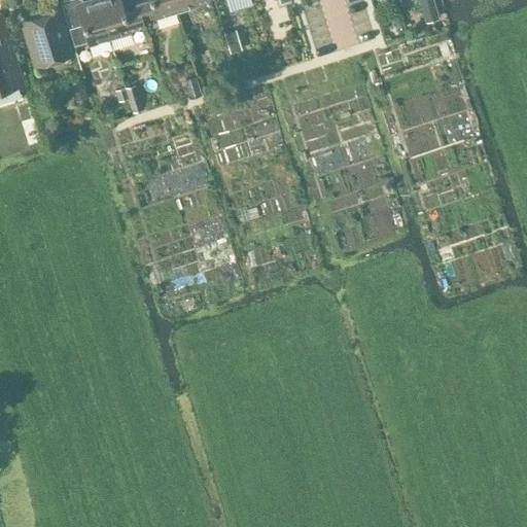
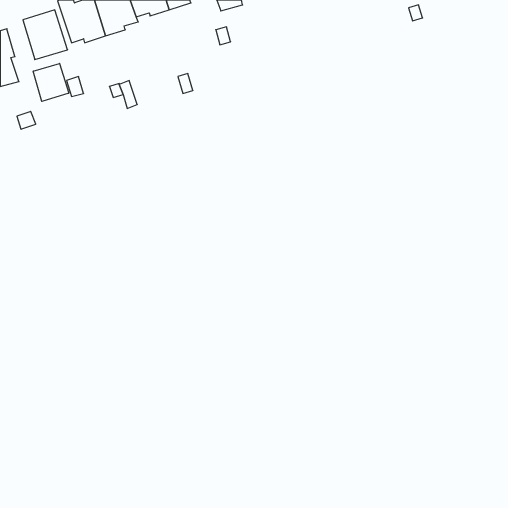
building: none -> [33,63,69,101]

